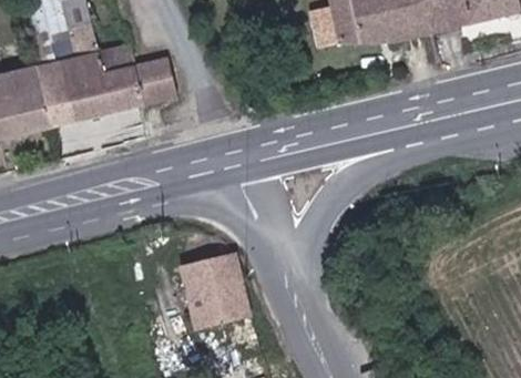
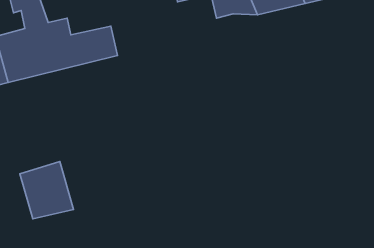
building: [177,254,246,327] -> [20,162,74,219]

